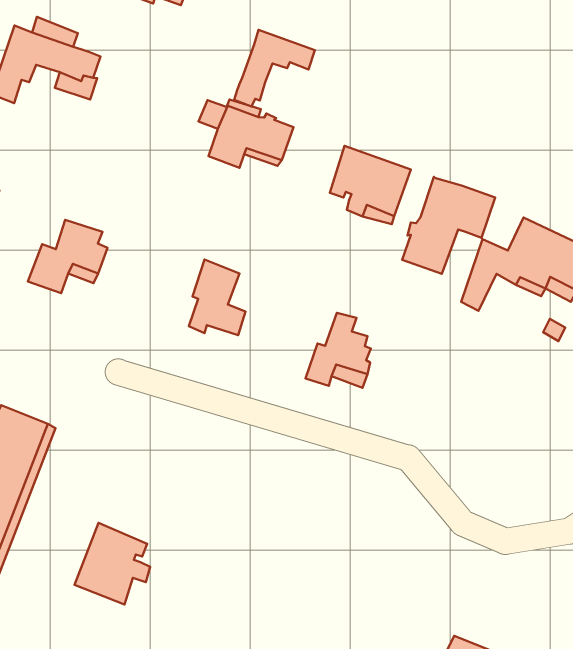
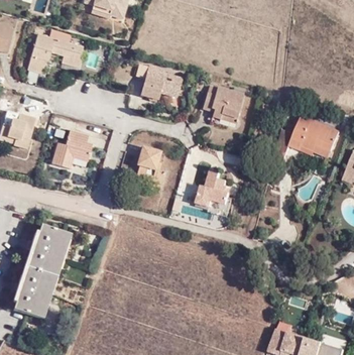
building: [234,30,315,106] -> none
building: [402,177,495,274] -> none
building: [75,523,150,604] -> none

